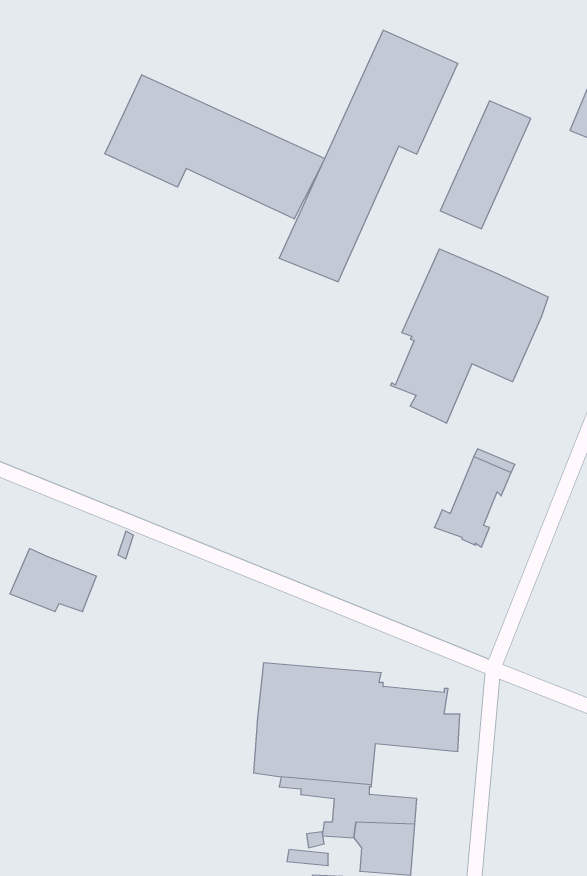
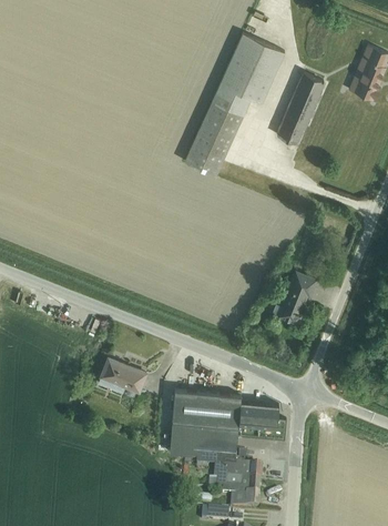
building: [105,75,325,219] -> none
building: [390,249,548,423] -> none
building: [10,549,96,612] -> [98,356,146,392]

